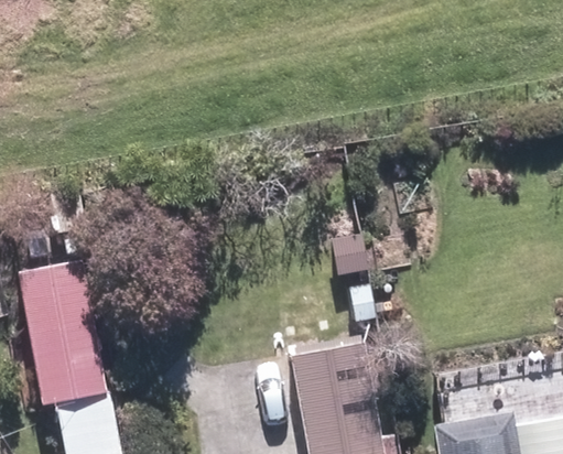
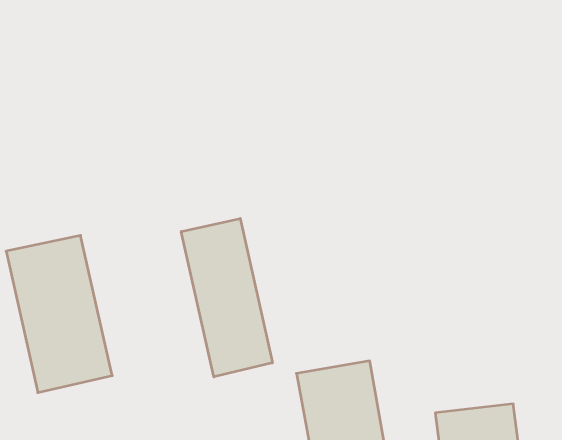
building: none -> [181,218,272,377]

